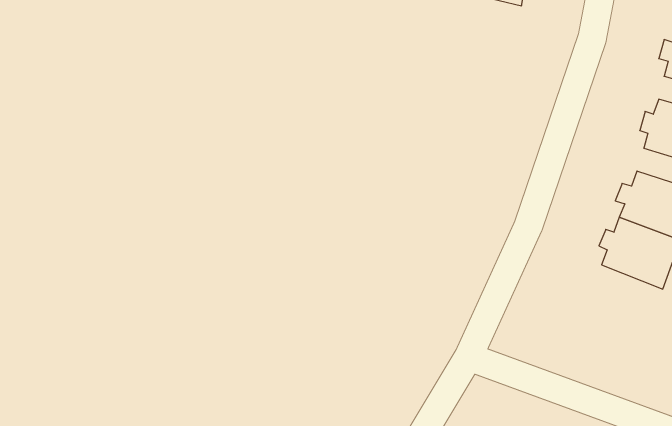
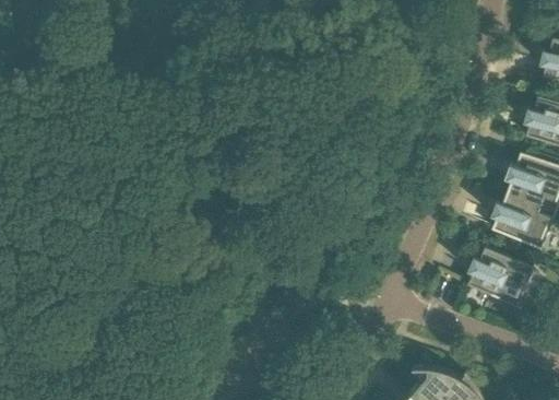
building: none -> [467,248,535,308]

